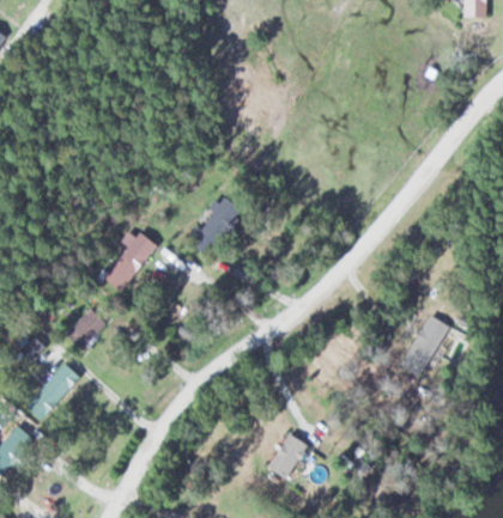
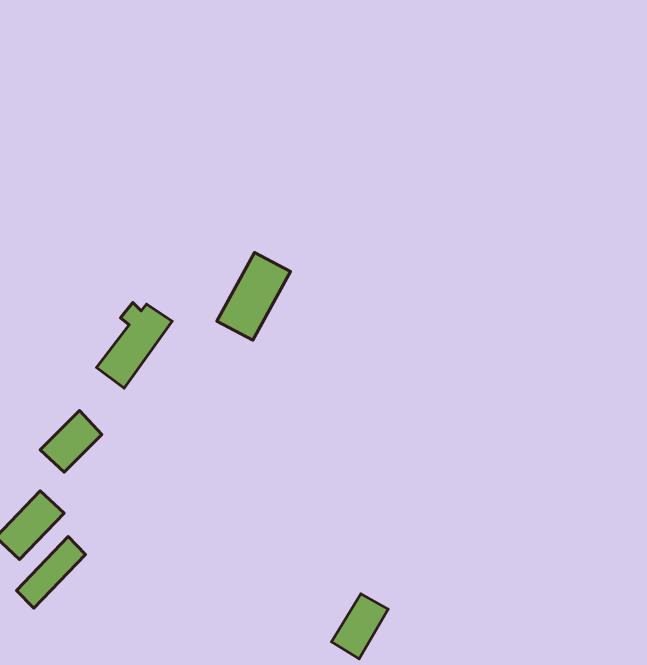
building: [399,315,450,378] -> none
building: none -> [16,537,86,608]

